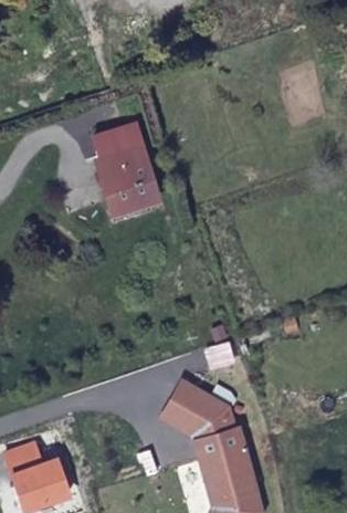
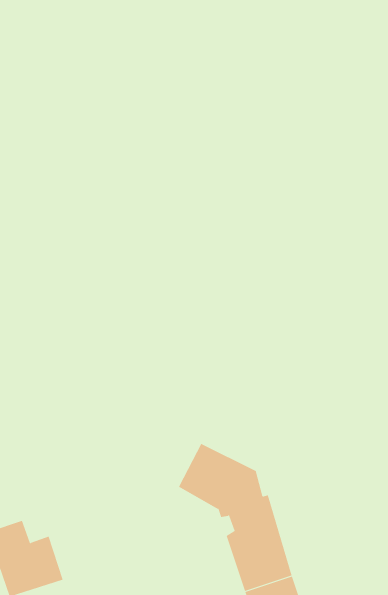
building: [92,123,155,203] -> none

